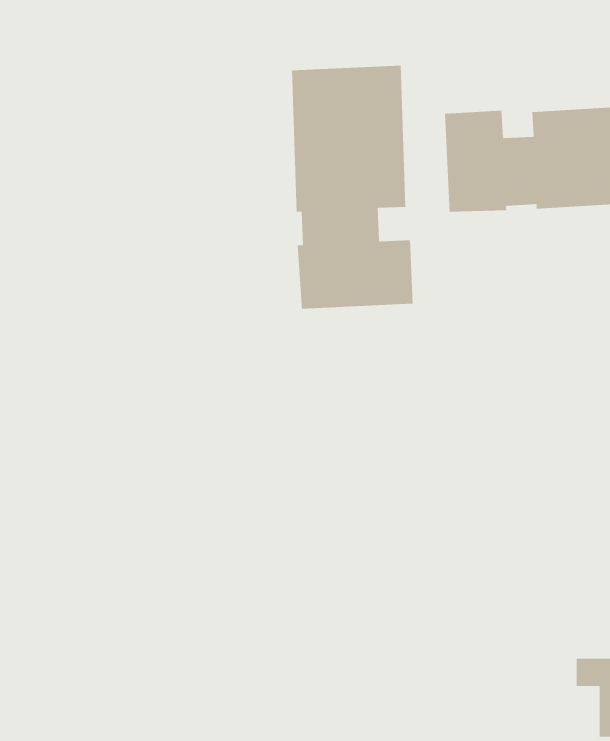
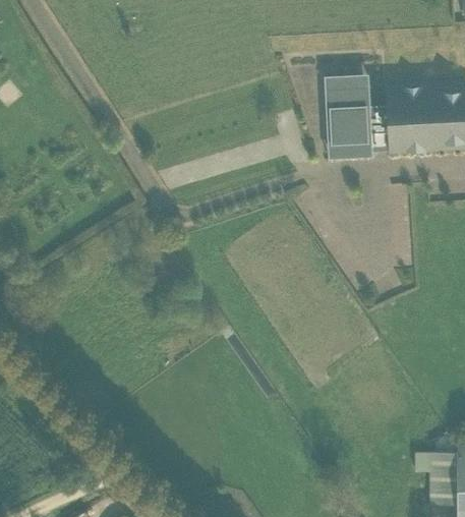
building: [291,65,414,309] -> none

